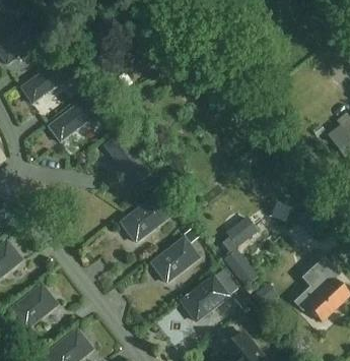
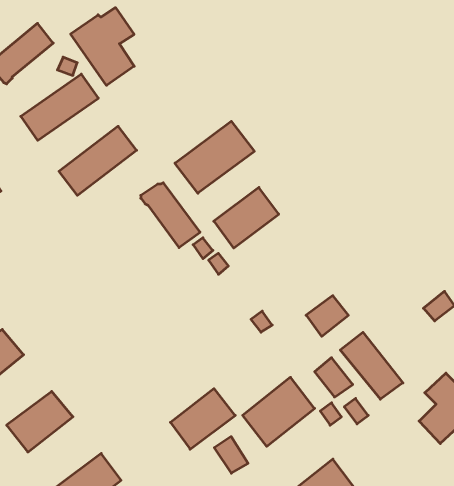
building: none -> [71,8,134,85]
building: none -> [175,121,254,193]
building: [122,197,168,241] -> [214,187,279,248]
building: [152,238,199,282] -> [170,389,235,449]
building: none -> [340,332,403,399]

